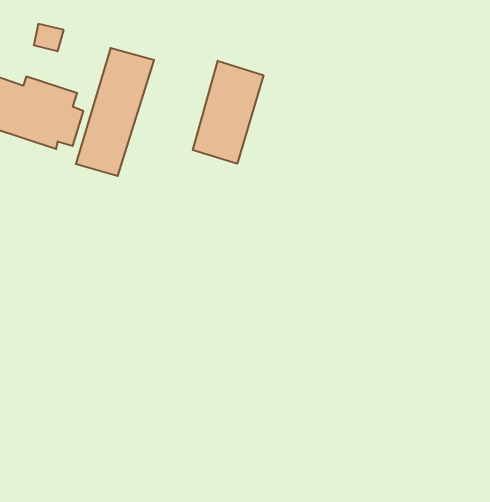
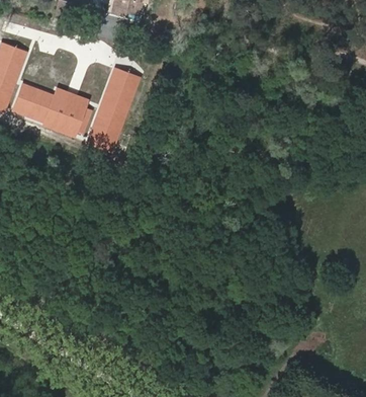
building: [193,61,264,164] -> none

